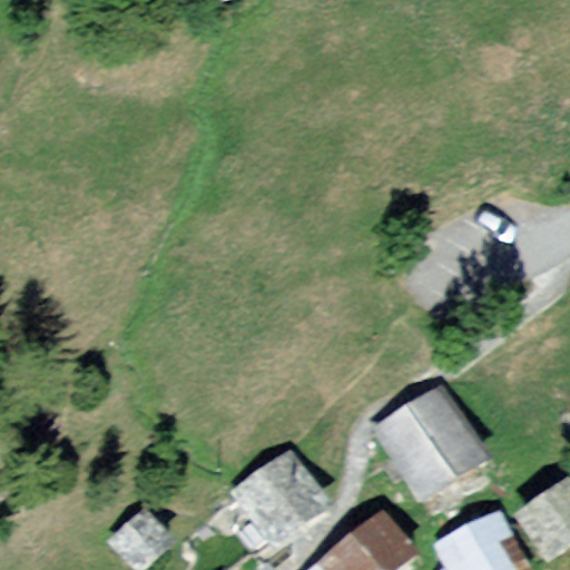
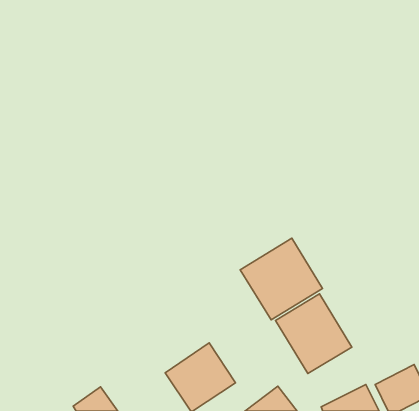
building: none -> [240,238,323,320]

